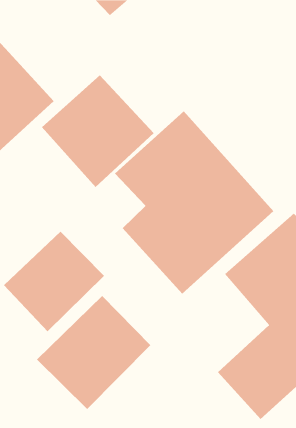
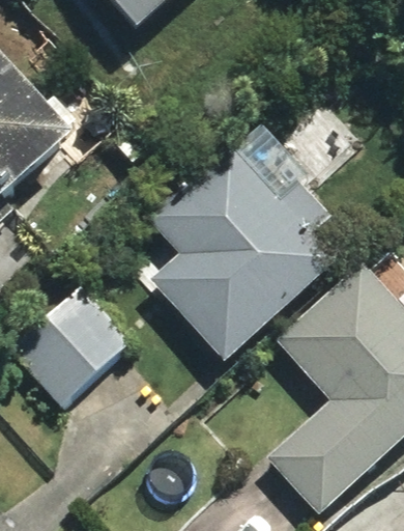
building: [41,74,154,188] -> none
building: [36,295,151,410] -> none

